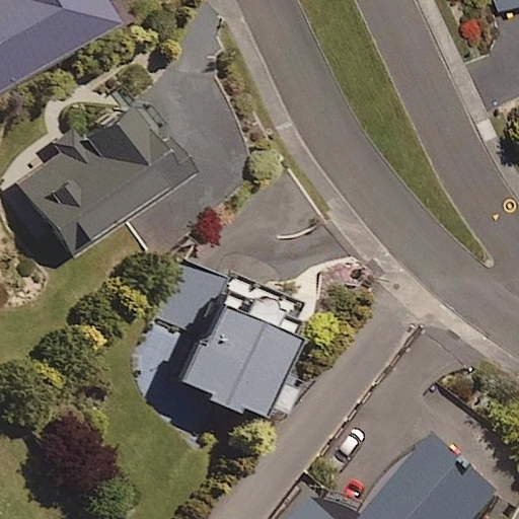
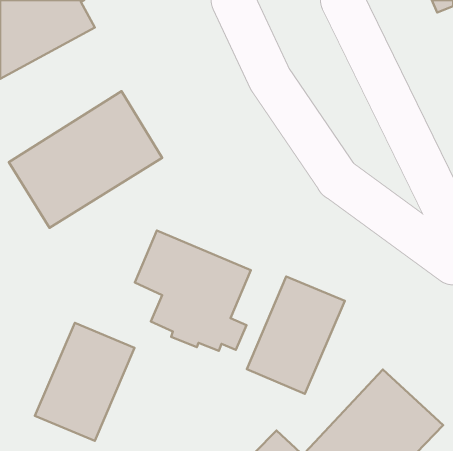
building: none -> [247,277,345,394]
building: none -> [35,323,134,441]

